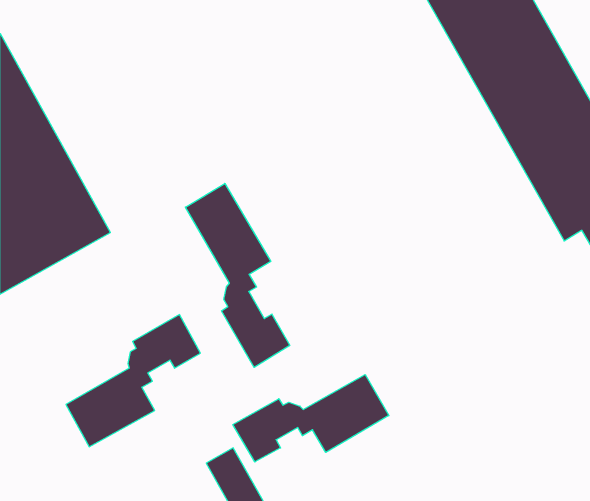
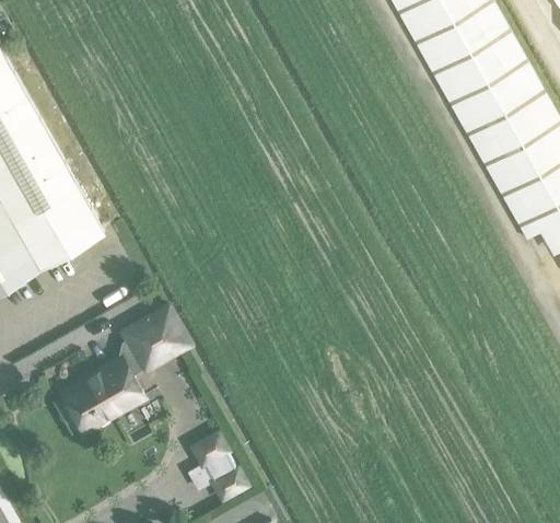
building: [185,183,290,367] -> none
building: [233,375,389,462] -> none

